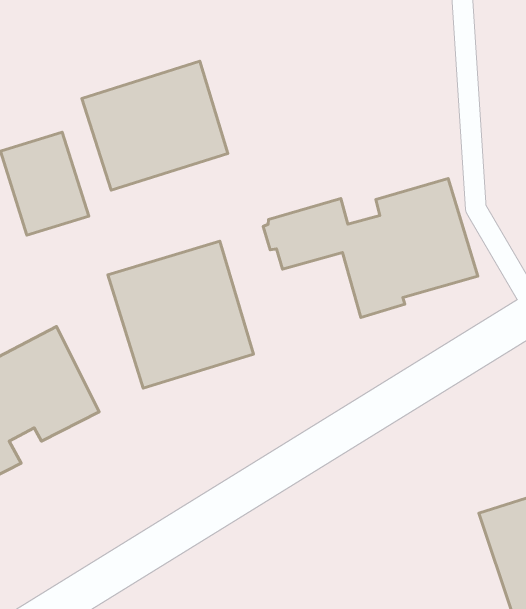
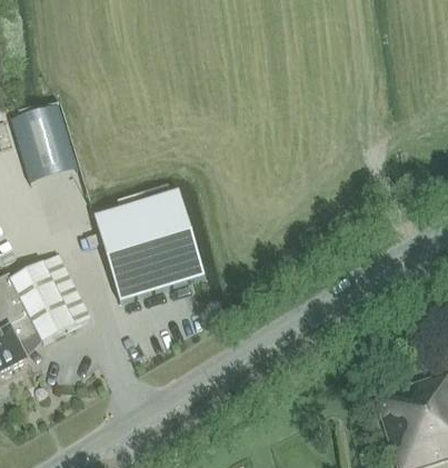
building: [82,61,228,190] -> none
building: [263,178,478,317] -> none

